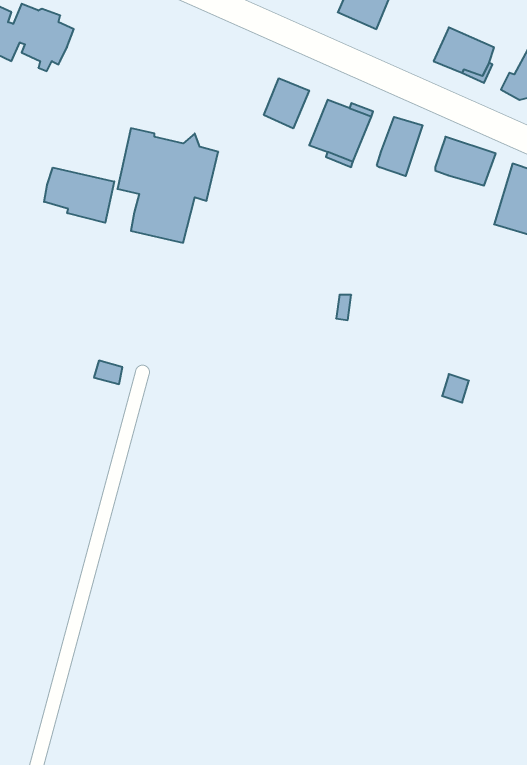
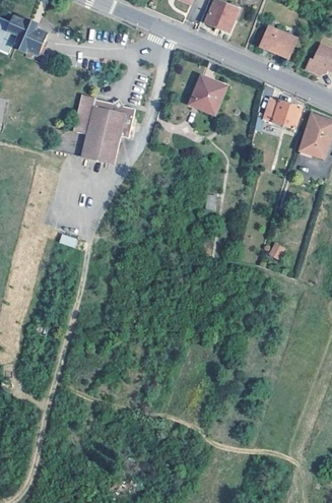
building: [264,78,309,128] -> none
building: [377,117,423,176] -> none
building: [44,168,114,223] -> none

